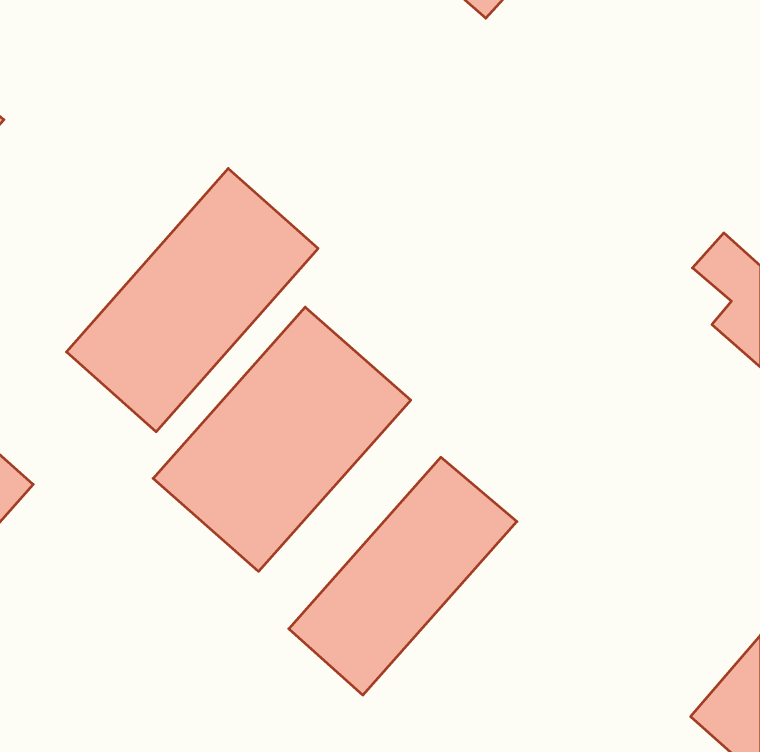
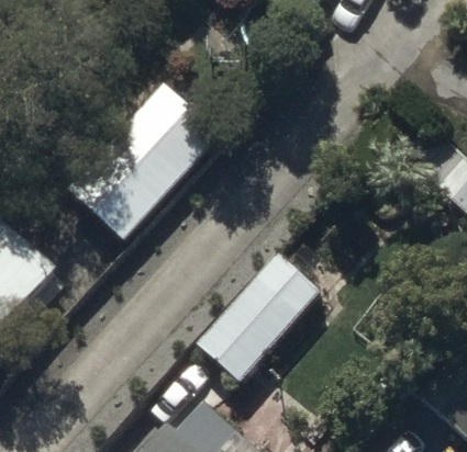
building: [153,307,411,571] -> none

